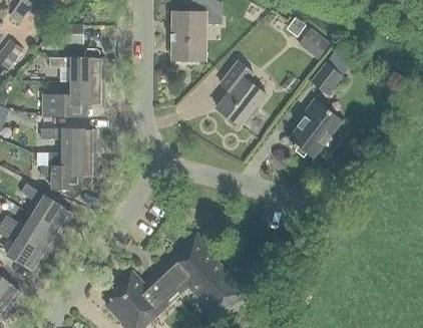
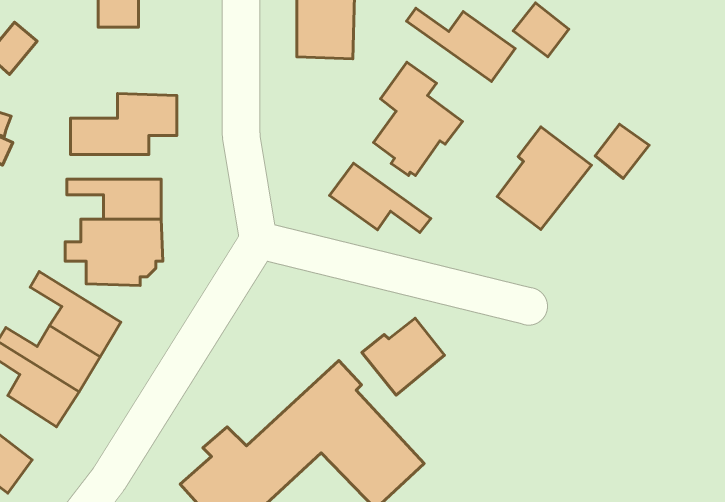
building: none -> [407,8,515,82]
building: [48,48,103,79] -> none
building: [311,63,342,94] -> [595,124,649,178]
building: none -> [330,163,431,232]
building: none -> [362,318,445,395]

